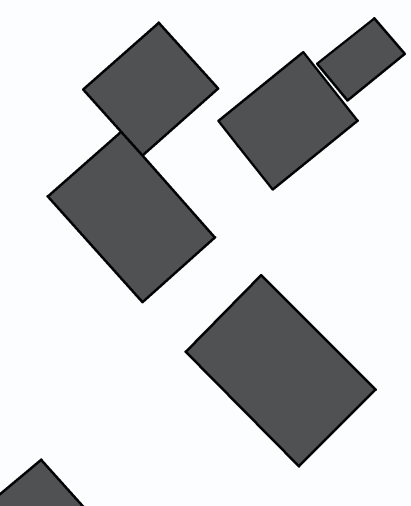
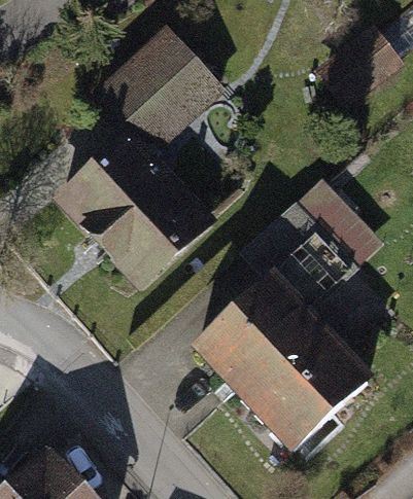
building: [219,52,358,189] -> none
building: none -> [238,189,363,312]

